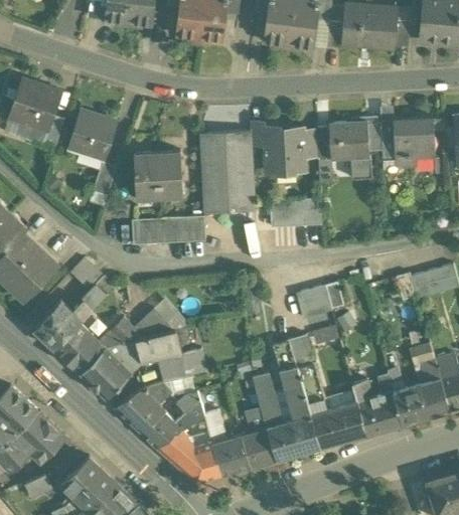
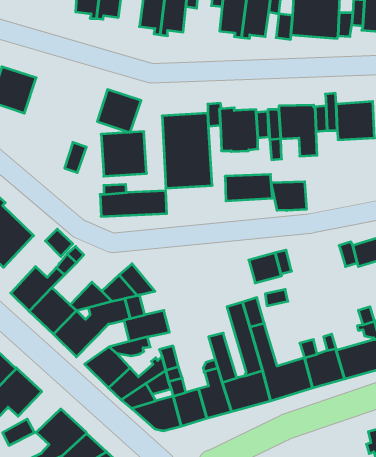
building: [67,112,116,159] -> [97,90,141,132]
building: none -> [271,182,306,211]

